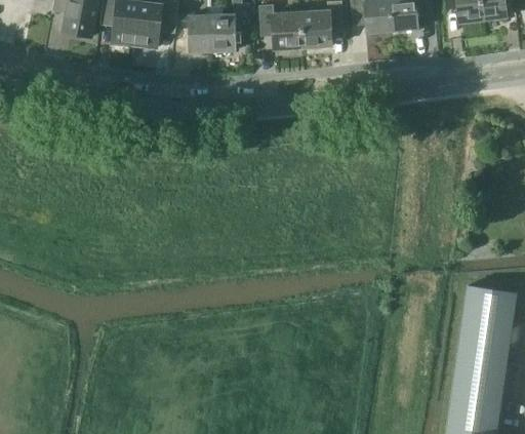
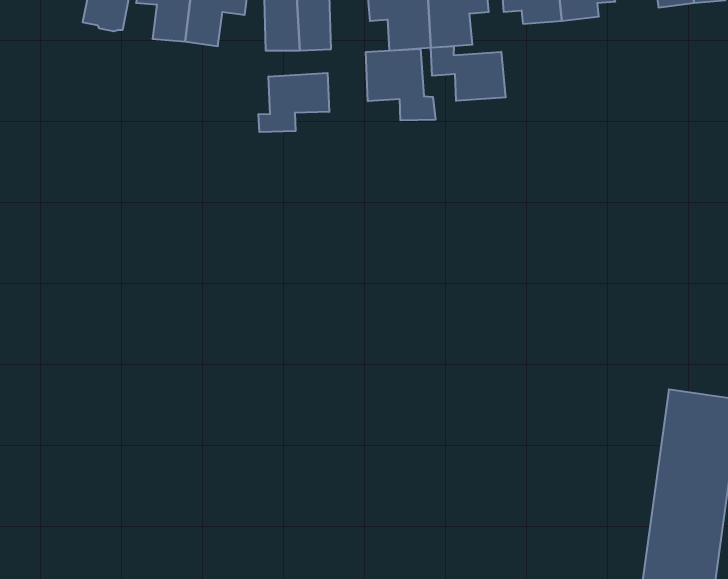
building: none -> [431,46,506,101]
building: none -> [366,49,435,120]
building: none -> [259,73,329,132]

